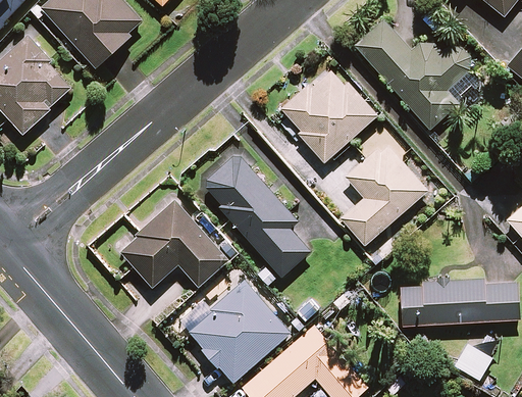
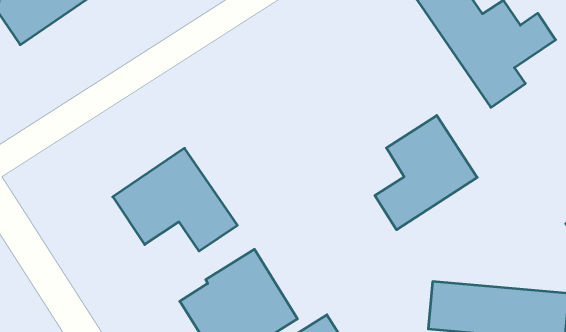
building: [282,66,376,162] -> none
building: [201,154,310,284] -> none

